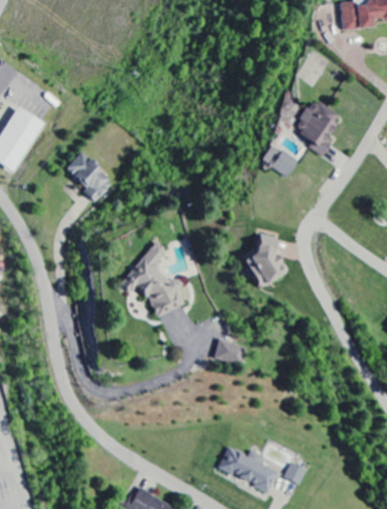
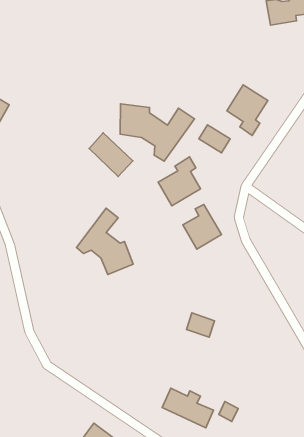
building: none -> [120,104,195,161]
building: [65,150,115,200] -> [89,133,133,176]
building: none -> [158,157,201,206]
building: [214,338,246,366] -> [187,313,215,337]

